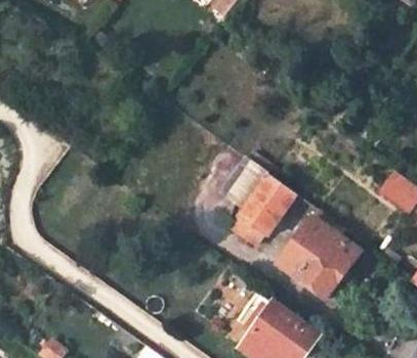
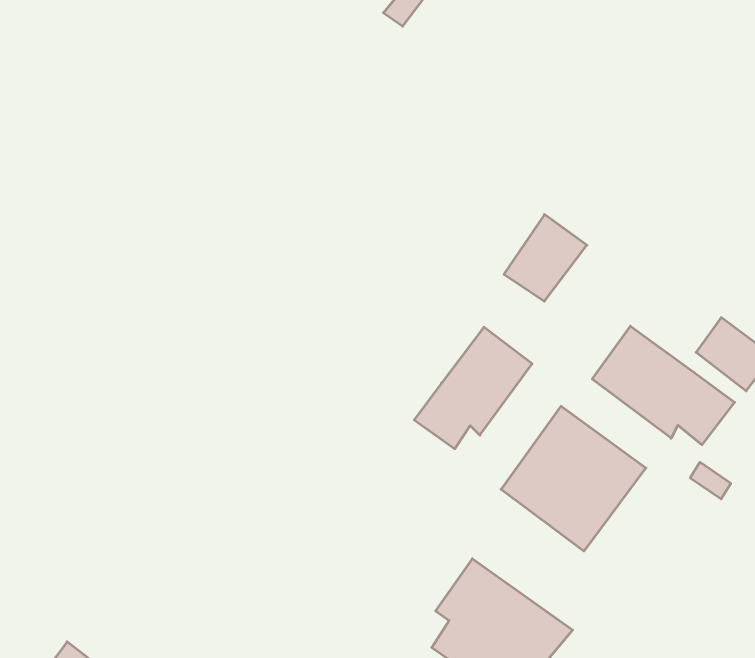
building: [225,161,269,207] -> [504,214,587,301]
building: none -> [592,326,735,445]

